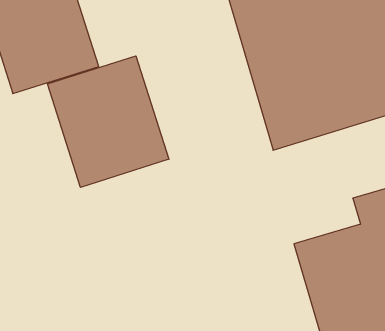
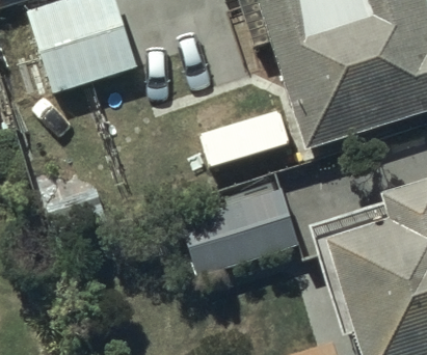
building: [47,56,169,187] -> none
building: none -> [176,178,296,275]

